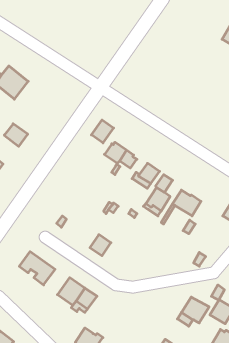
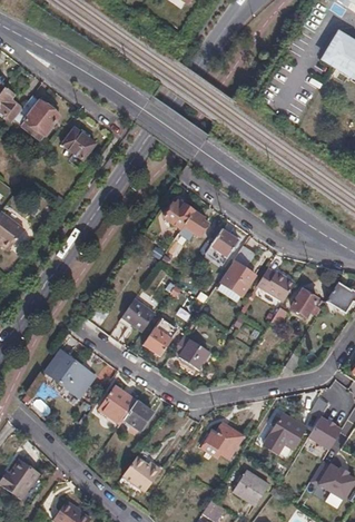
building: [91,120,114,143] -> none
building: [4,124,28,146] -> [61,128,93,159]
building: none -> [290,288,324,316]
building: none -> [121,297,155,329]
building: none -> [171,334,207,366]
building: none -> [200,425,243,459]

